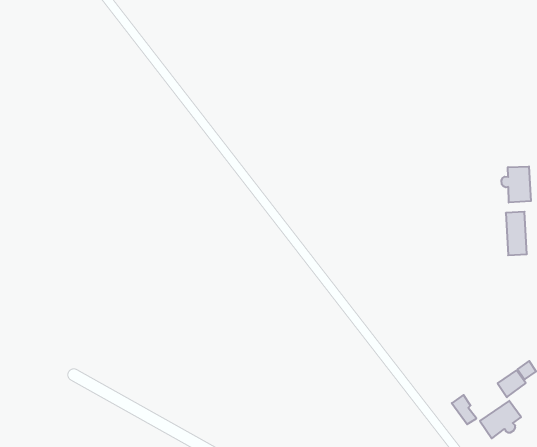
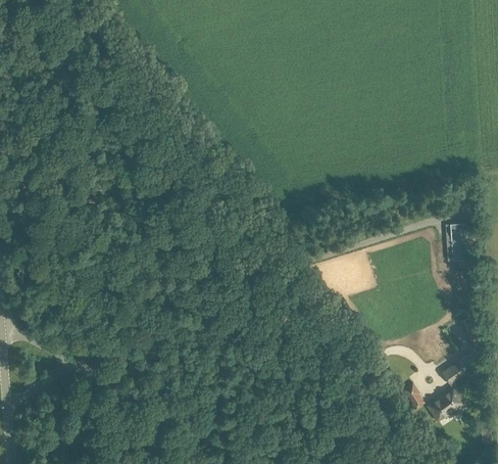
building: [502,166,531,203] -> none

